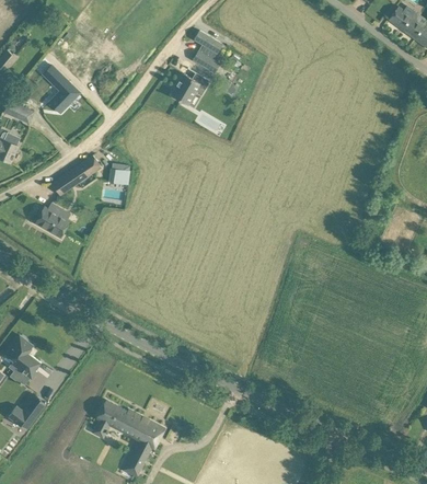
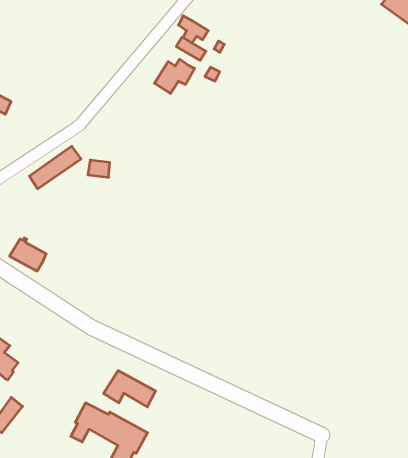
building: [44,65,80,112] -> none
building: [35,205,70,237] -> [10,238,46,271]
building: none -> [104,371,156,407]

